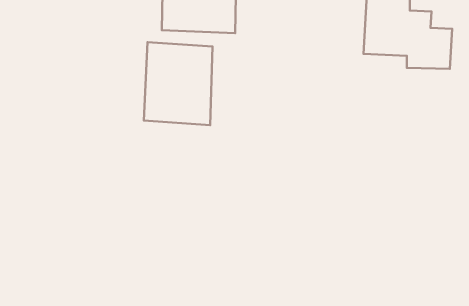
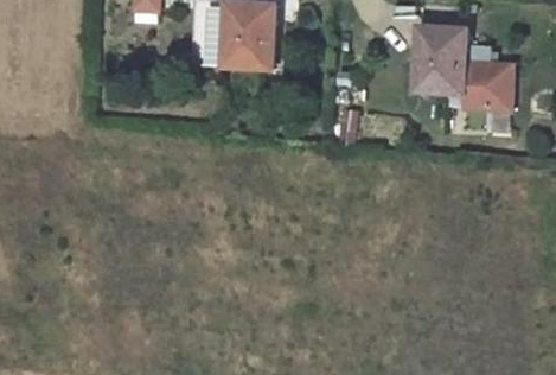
building: [144,42,213,125] -> none

